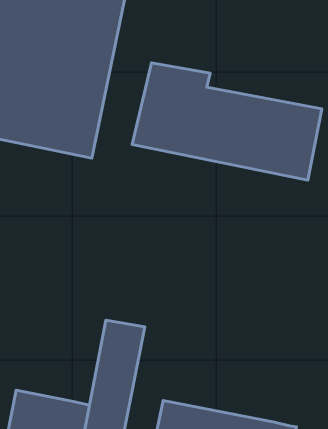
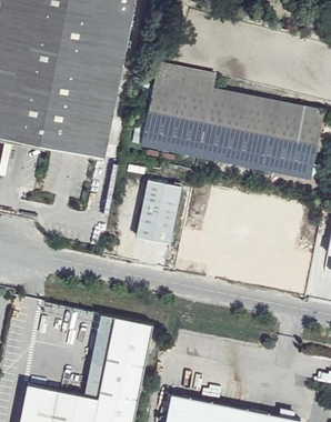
building: none -> [137,181,182,245]
building: none -> [83,313,114,398]

